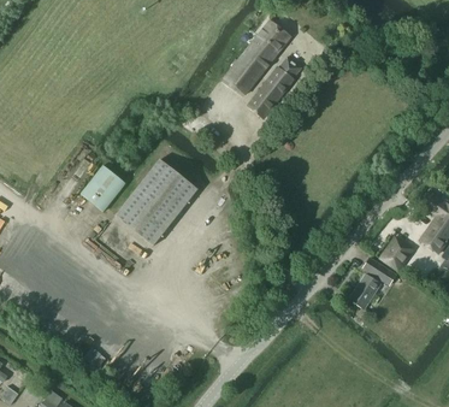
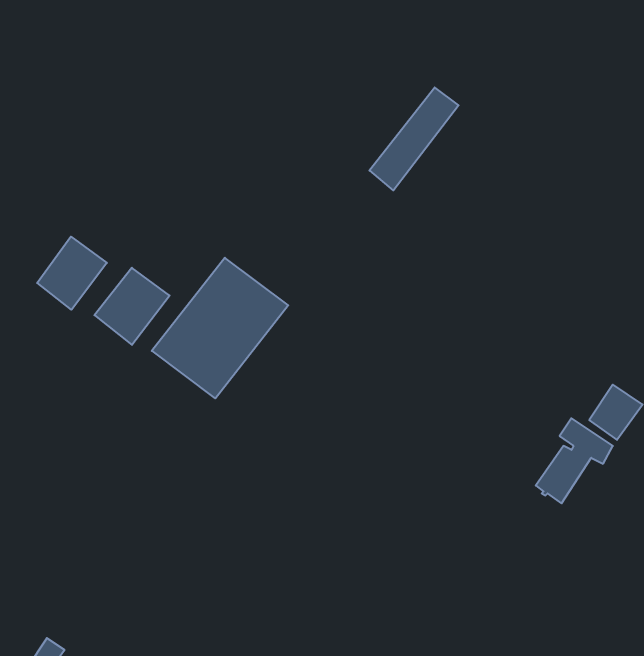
building: [223,19,290,94] -> none
building: none -> [37,237,107,310]

